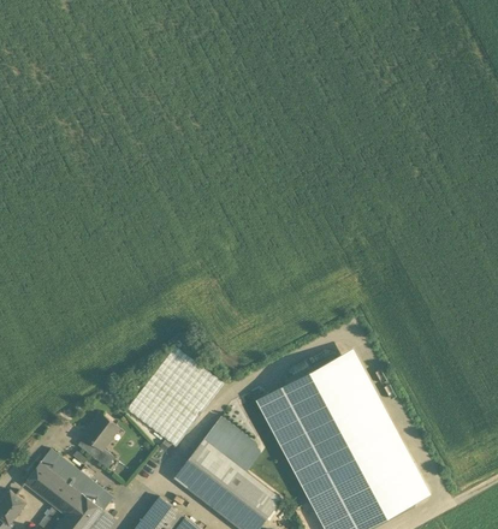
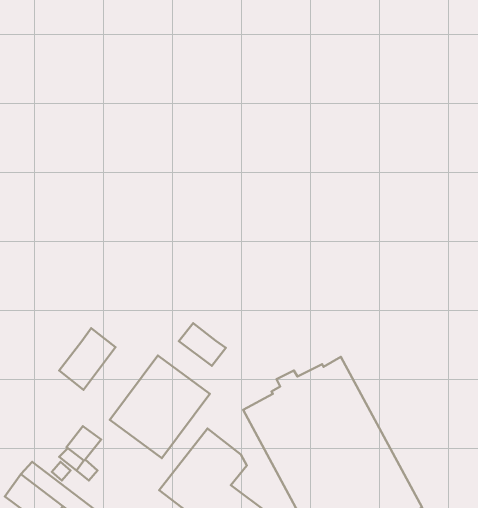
building: none -> [179,323,226,366]
building: none -> [59,328,115,390]

